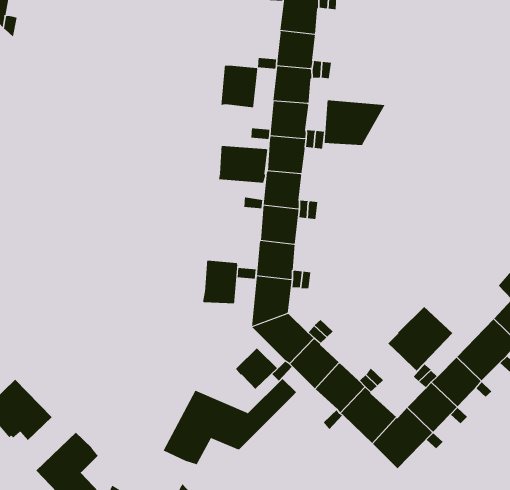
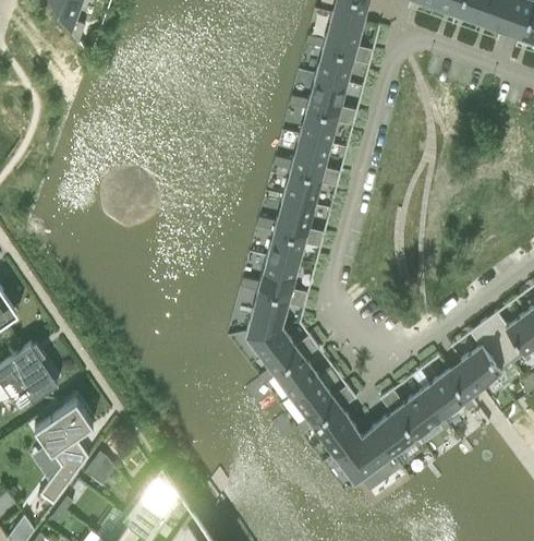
building: [221,65,258,108] -> none
building: [324,99,386,146] -> none
building: [219,145,268,184] -> none
building: [203,259,238,304] -> none
building: [387,306,453,372] -> none
building: [236,348,278,390] -> none
building: [163,378,297,466] -> none

